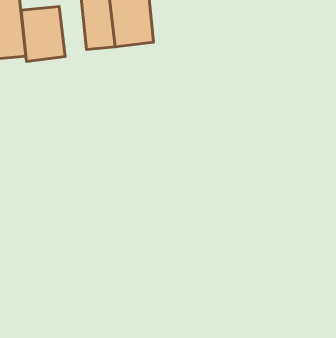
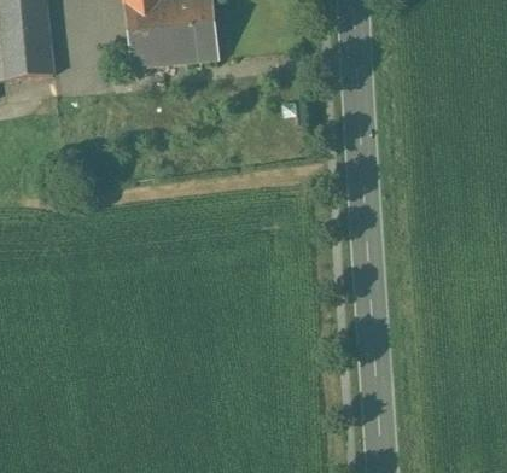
building: [21,6,65,61] -> none

